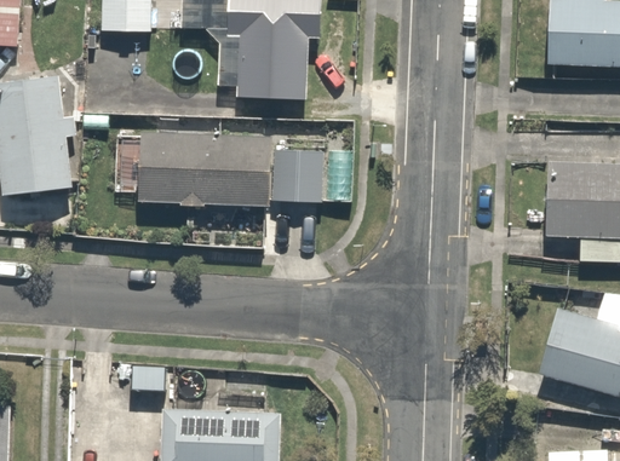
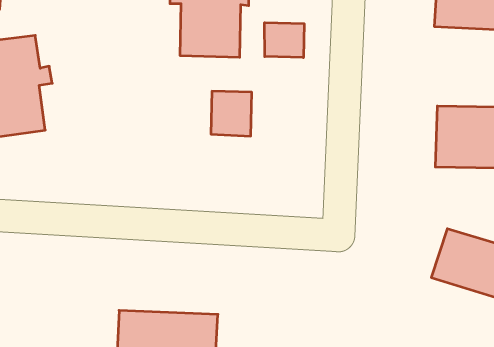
building: none -> [265,23,304,58]
building: [138,131,271,207] -> none

